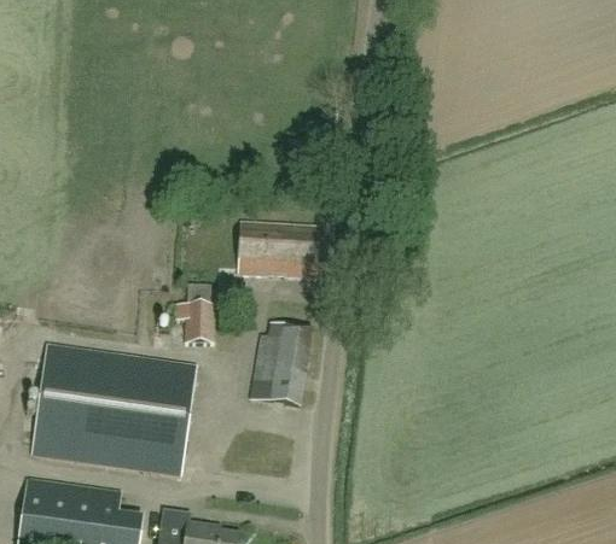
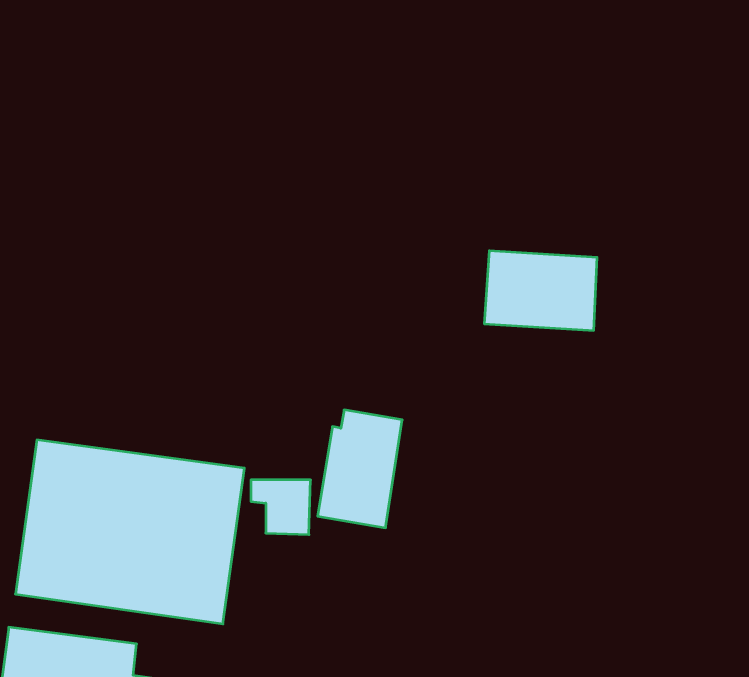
building: [236,218,318,276] -> [484,251,597,330]
building: [172,302,215,341] -> [251,480,311,535]

